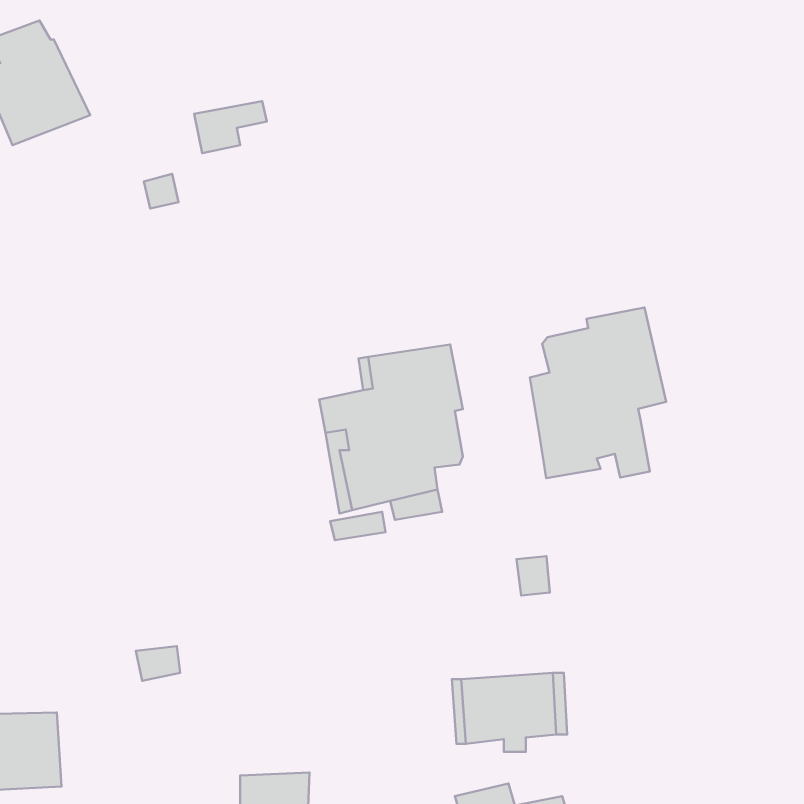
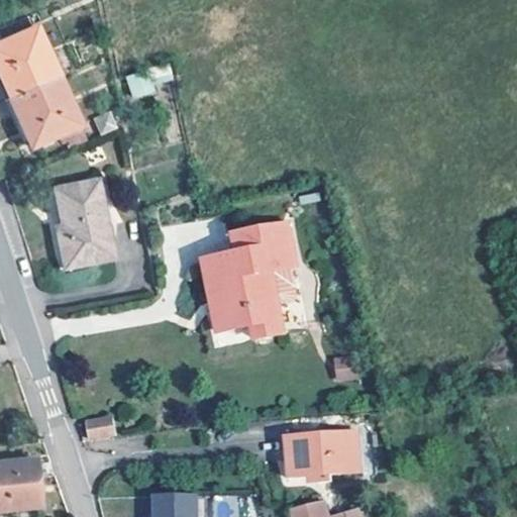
building: none -> [8,76,87,145]
building: none -> [55,177,114,264]
building: [530,308,666,478] -> none

